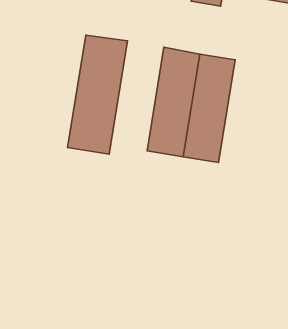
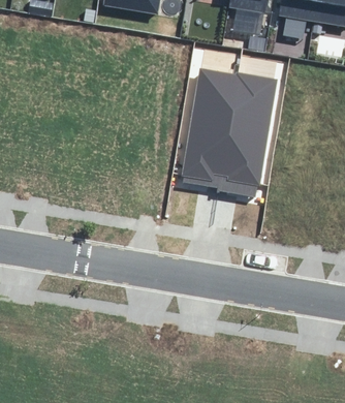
building: [68,35,128,154] -> none

